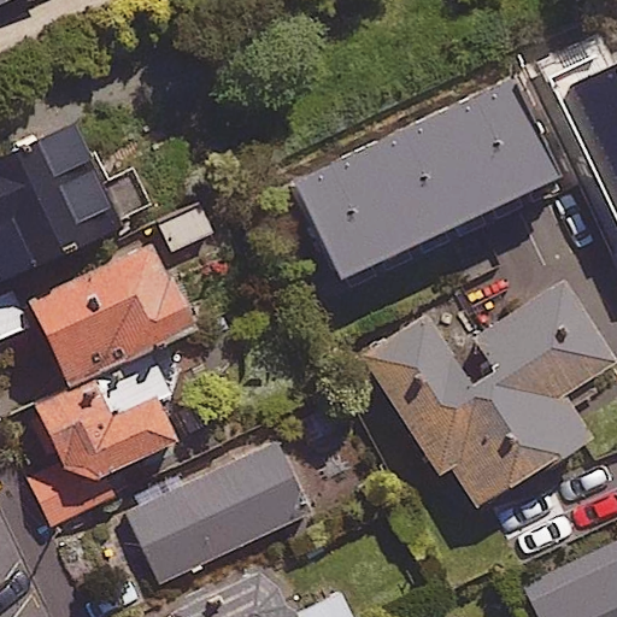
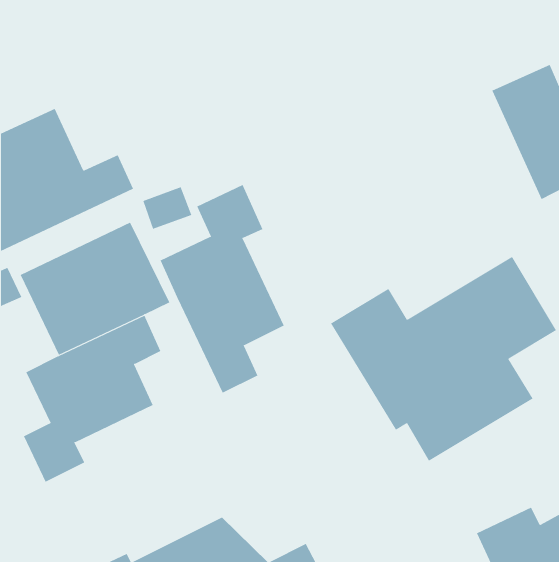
building: [292,81,553,277] -> none
building: none -> [160,184,285,394]
building: [131,443,311,582] -> none

